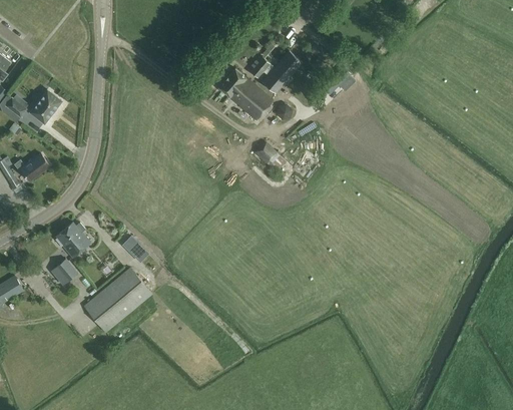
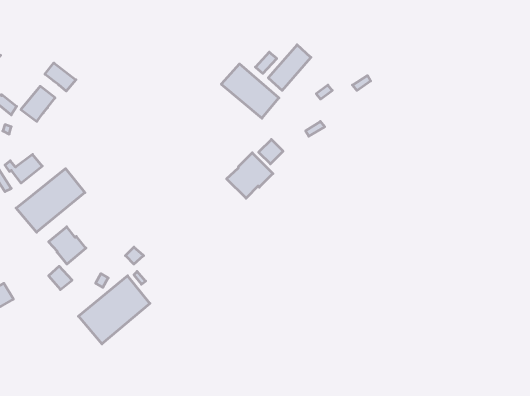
building: none -> [45,63,76,91]
building: none -> [227,153,273,198]
building: none -> [16,169,85,232]

